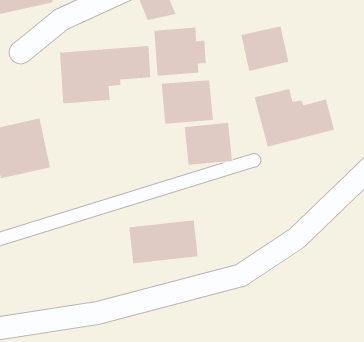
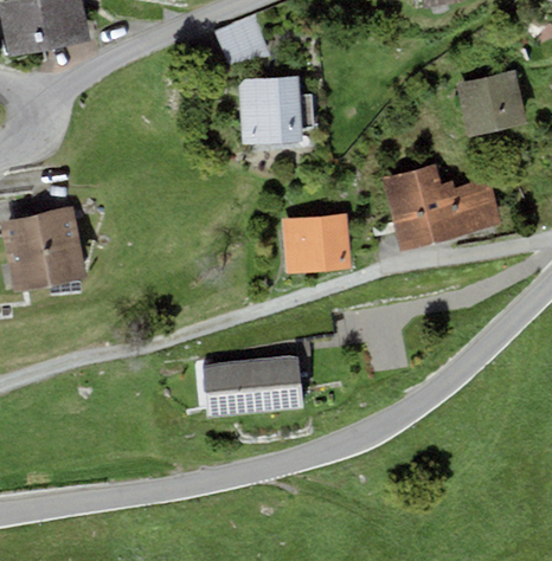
building: [240,26,289,72] -> [455,70,526,136]
building: [59,45,151,104] -> none
building: [161,80,213,124] -> none

